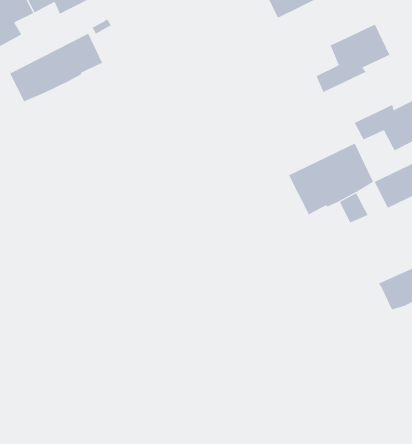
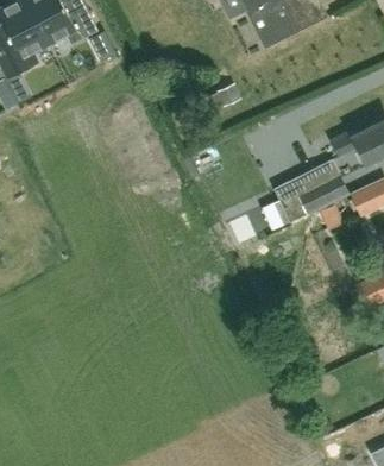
building: [316,24,390,93] -> none
building: [9,33,103,102] -> none

